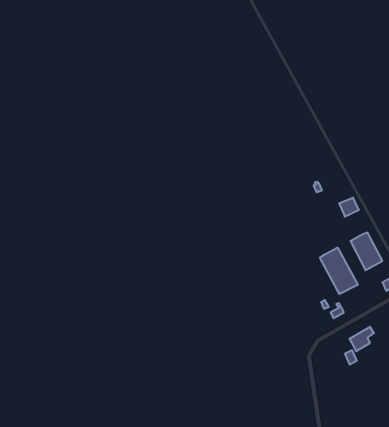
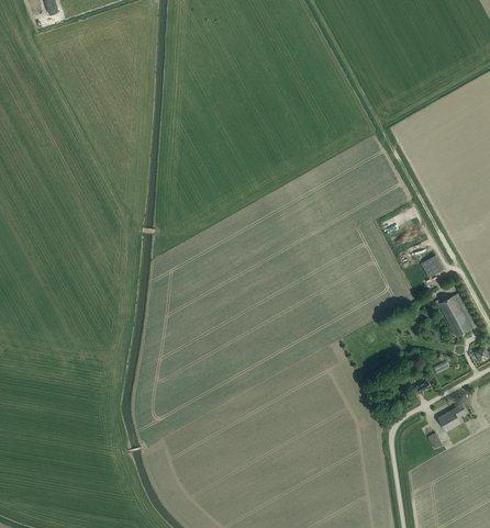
building: [320,248,358,294] -> none

